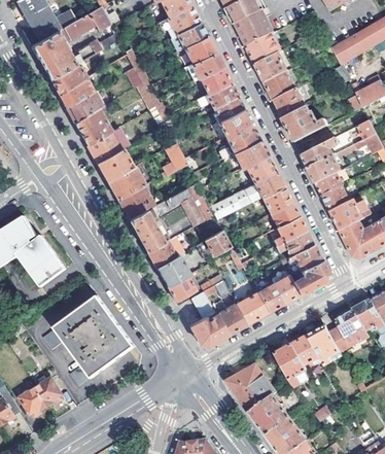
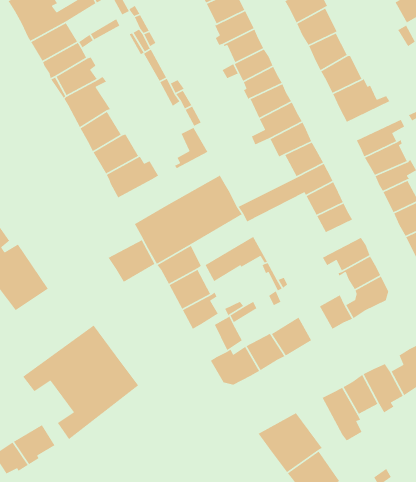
building: [116,184,153,218] -> [107,239,155,283]
building: [273,215,305,244] -> none
building: [256,282,282,309] -> none

